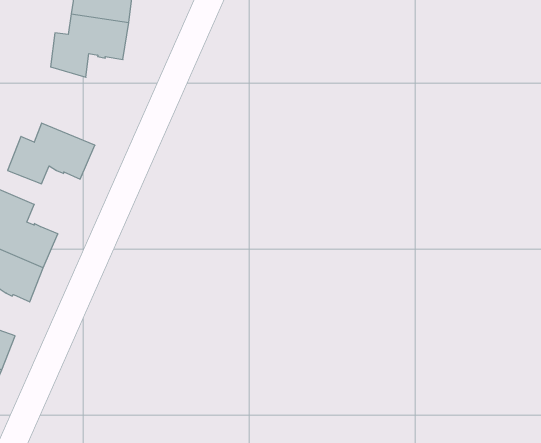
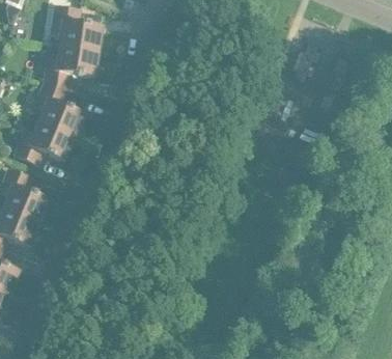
building: none -> [34,81,84,136]

